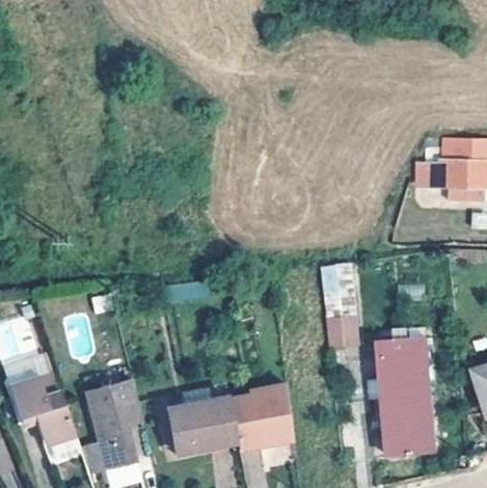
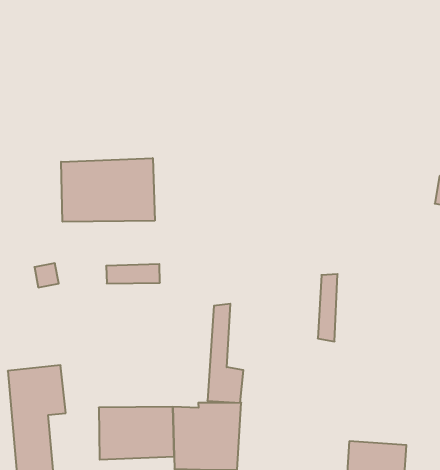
building: none -> [61,158,155,222]
building: [321,265,357,350] -> [207,304,243,403]
building: [377,342,431,401] -> none

